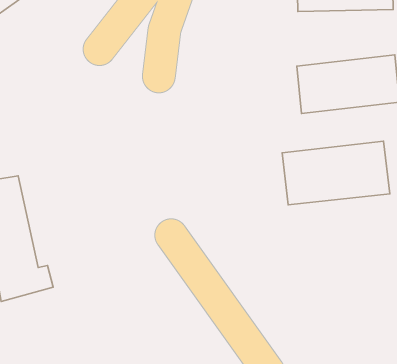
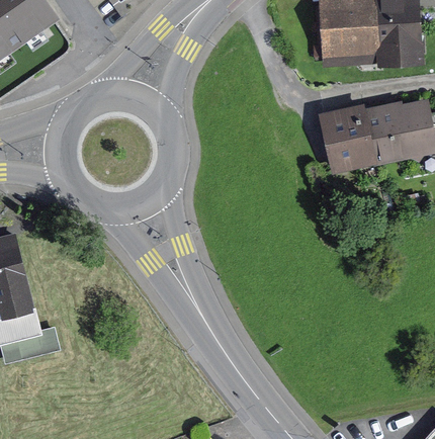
building: [282,141,390,205] -> none

